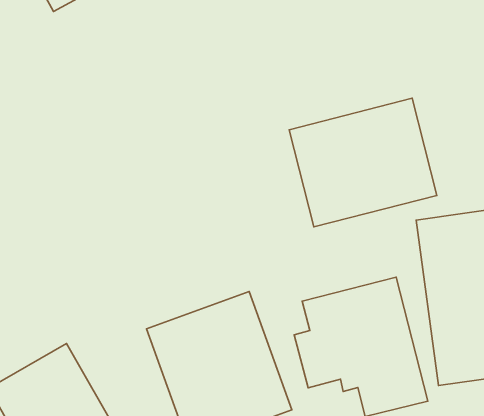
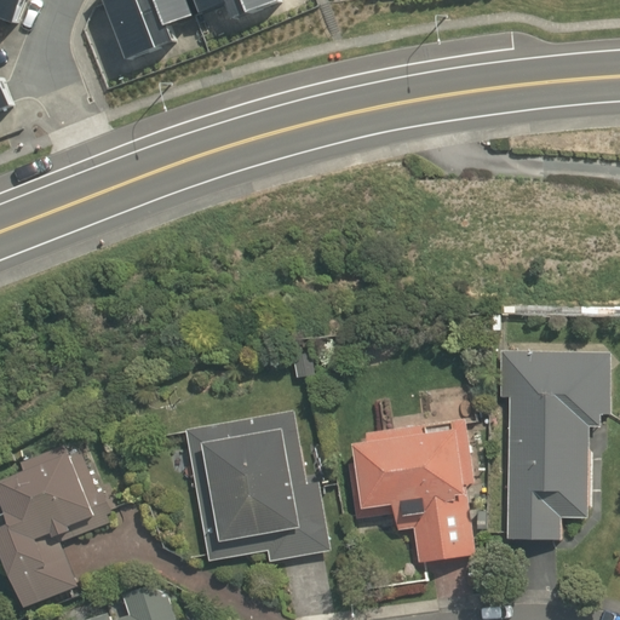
building: [289,98,437,227] -> none

